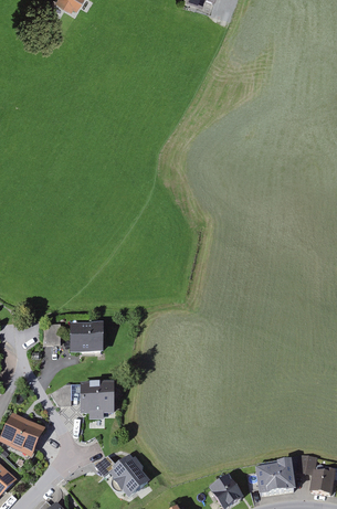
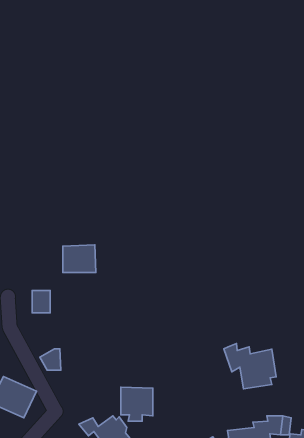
building: [72,321,106,350] -> [63,245,96,273]
building: none -> [224,344,276,389]
building: [83,382,116,417] -> [121,387,153,421]

